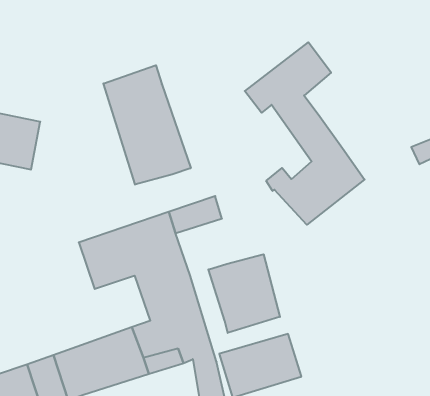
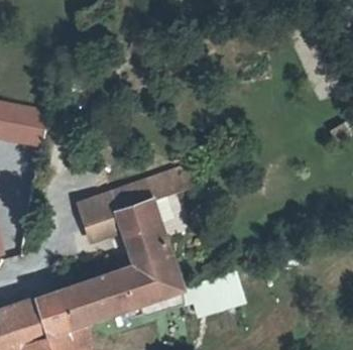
building: [245,42,365,225] -> none
building: [103,65,191,185] -> none
building: [208,254,280,333] -> none

